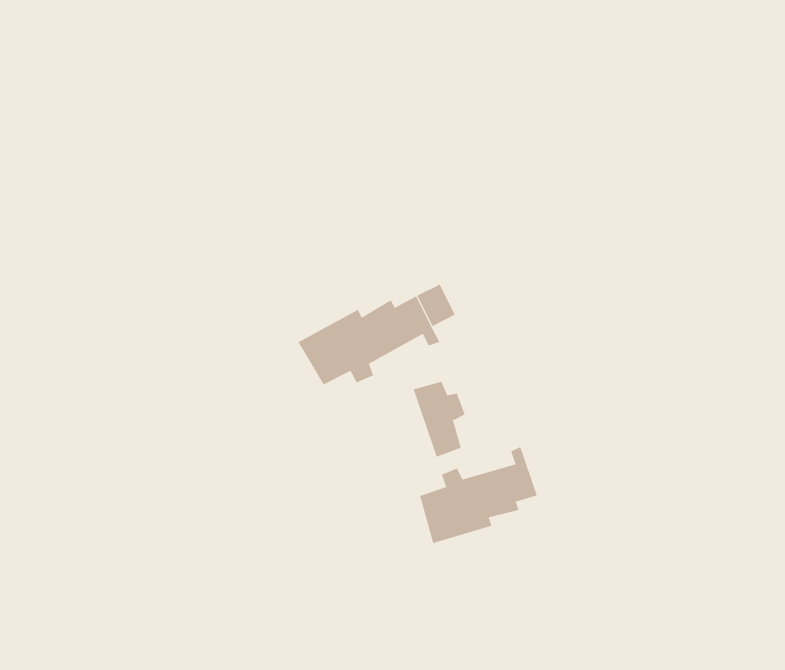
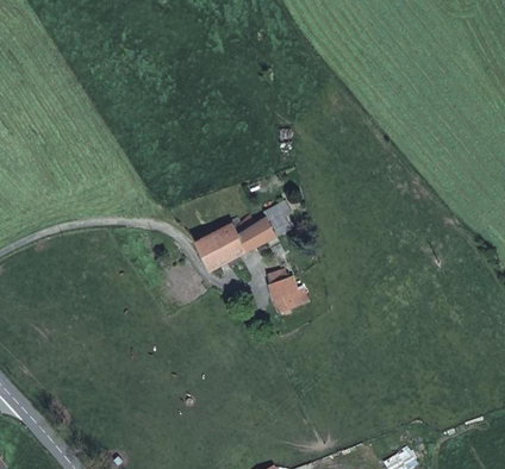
building: [420,446,538,544] -> none

